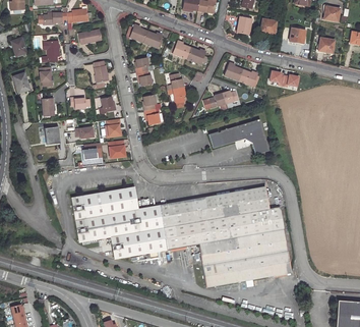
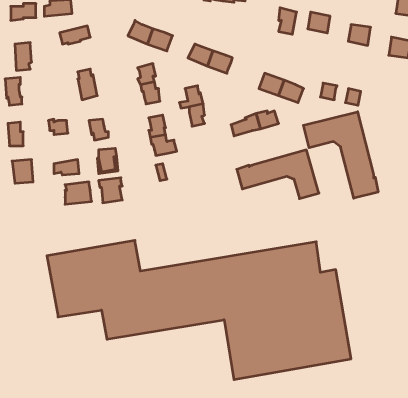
building: none -> [303,112,378,198]

